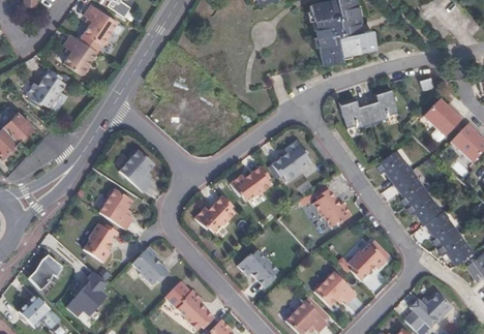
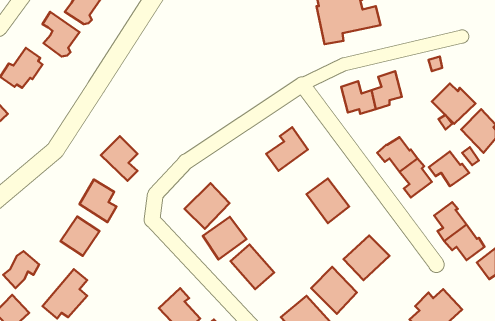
building: [233,163,273,203] -> [203,217,247,259]
building: [404,191,442,223] -> [429,151,469,186]
building: [131,245,168,286] -> none

